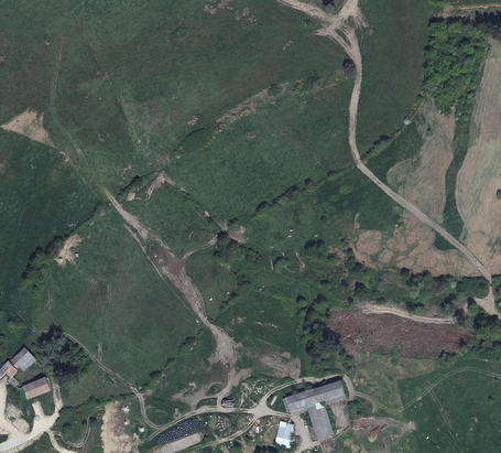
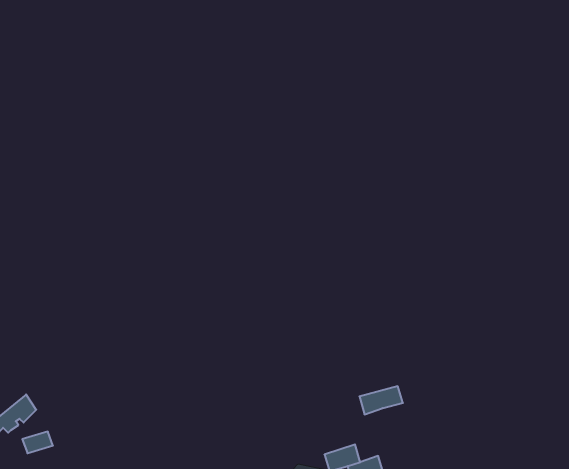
building: [308,380,346,405] -> [359,386,403,414]

